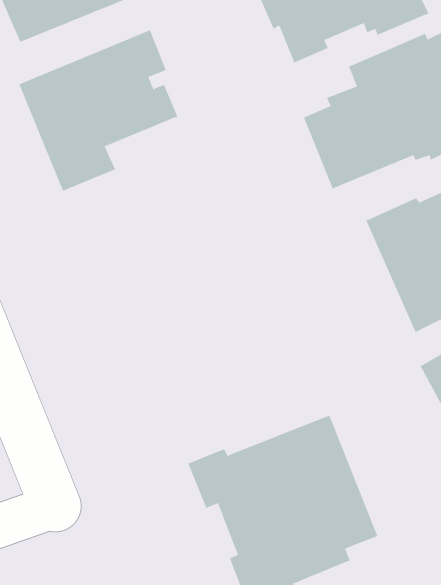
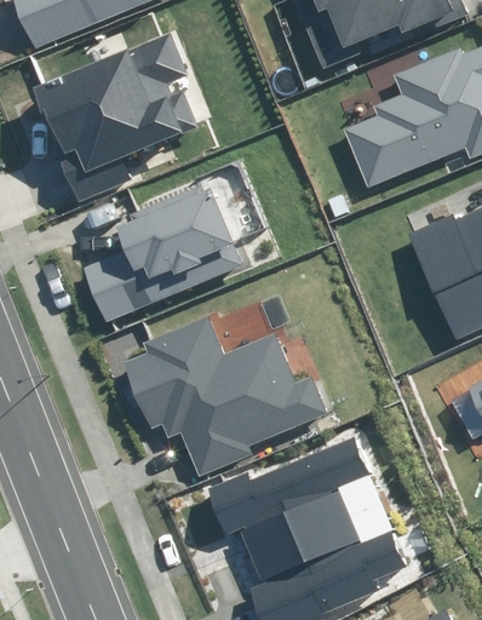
building: none -> [84,183,242,320]
building: none -> [125,316,327,477]

